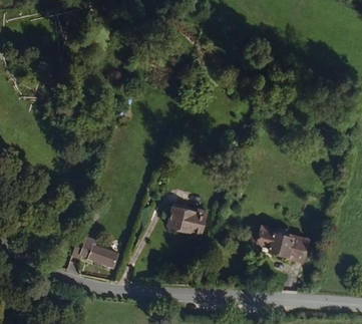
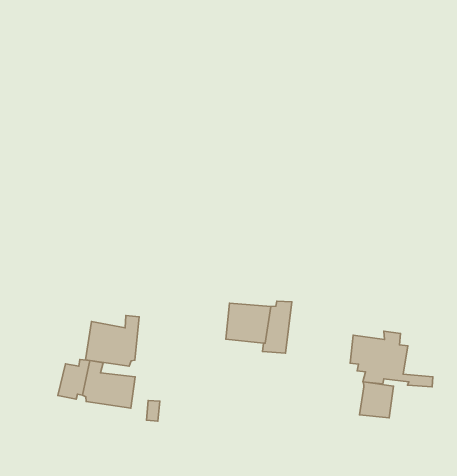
building: none -> [86,315,139,366]
building: [282,237,304,260] -> [359,382,393,418]

